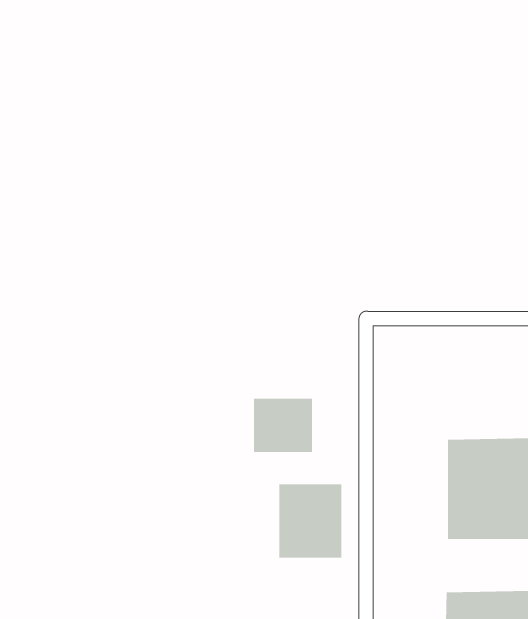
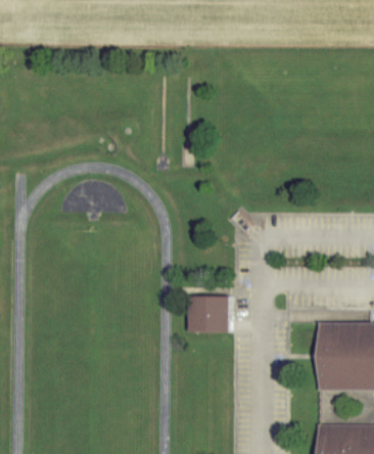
building: [278,483,342,558] -> none

